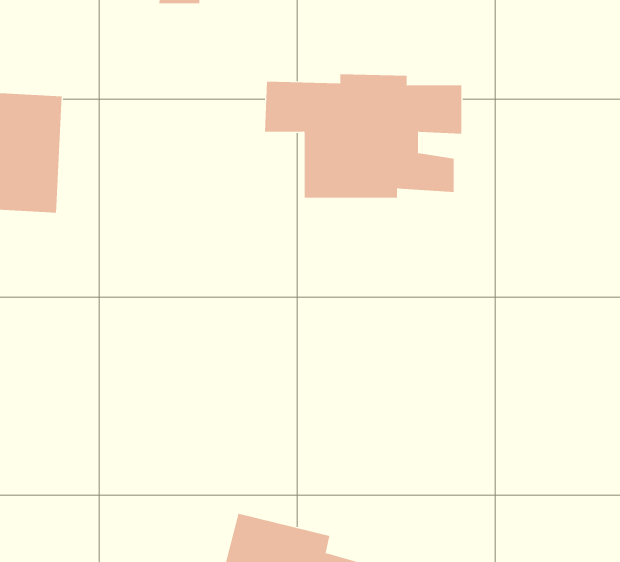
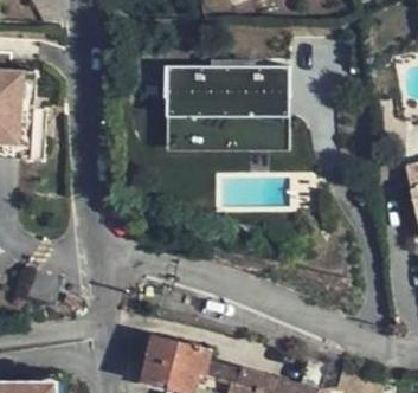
building: none -> [167,96,291,152]

